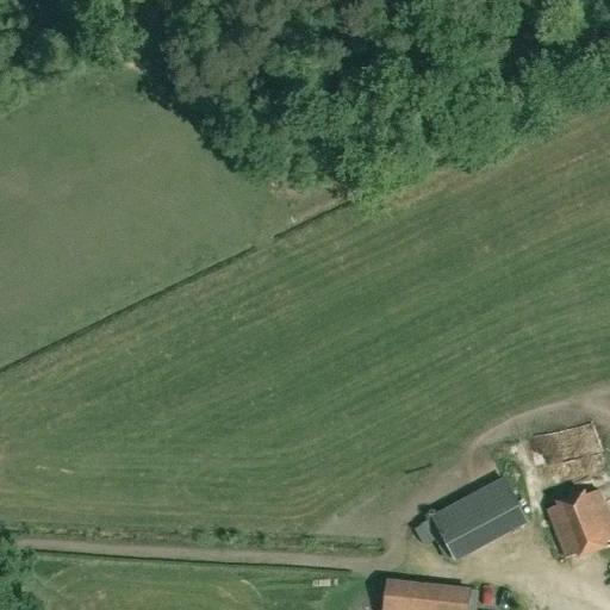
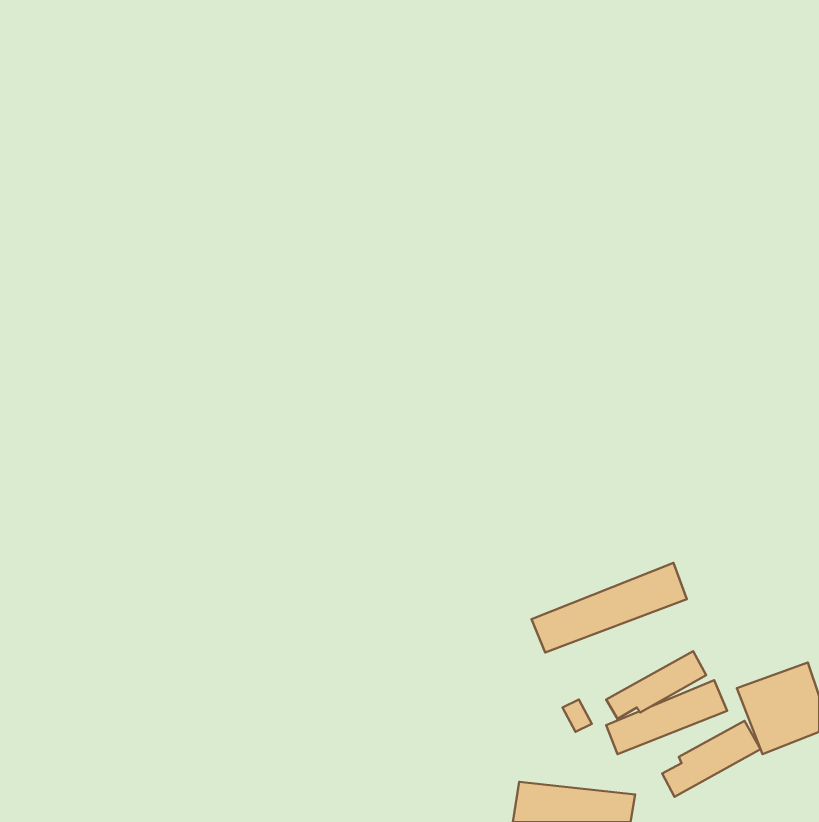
building: none -> [532,563,687,653]
building: none -> [662,721,761,797]

